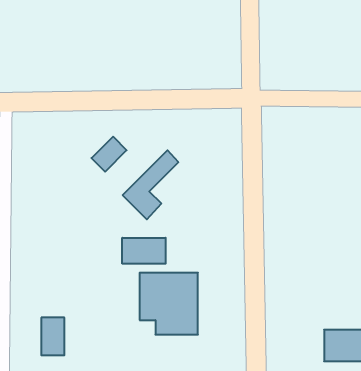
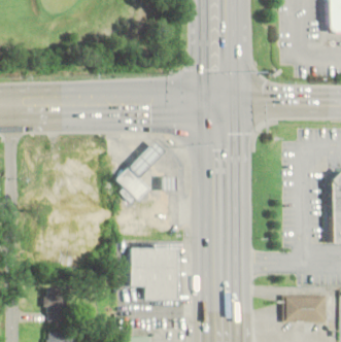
building: [91,137,127,172] -> none
building: [122,238,166,264] -> none

